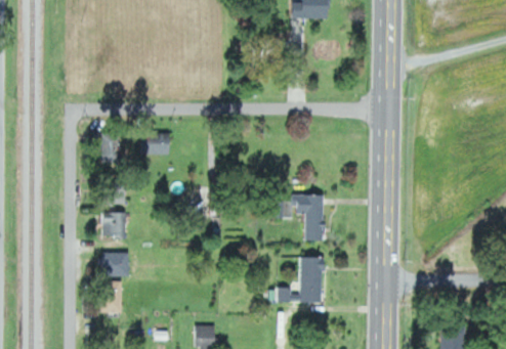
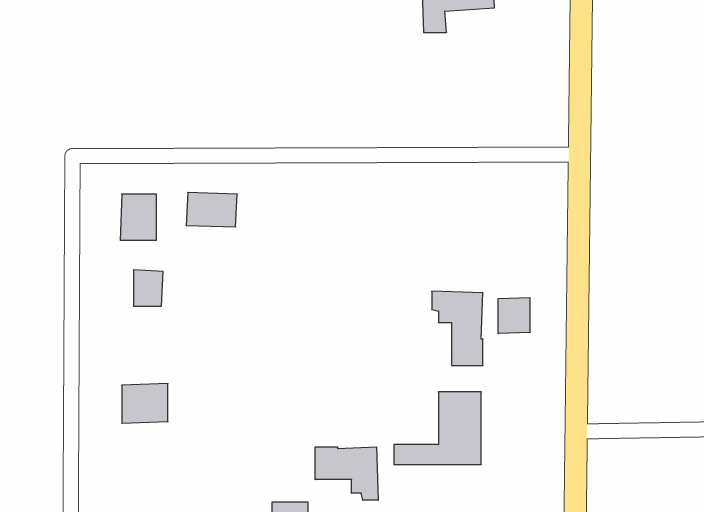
building: none -> [498,298,530,334]
building: [102,212,125,237] -> none
building: none -> [315,447,378,500]

